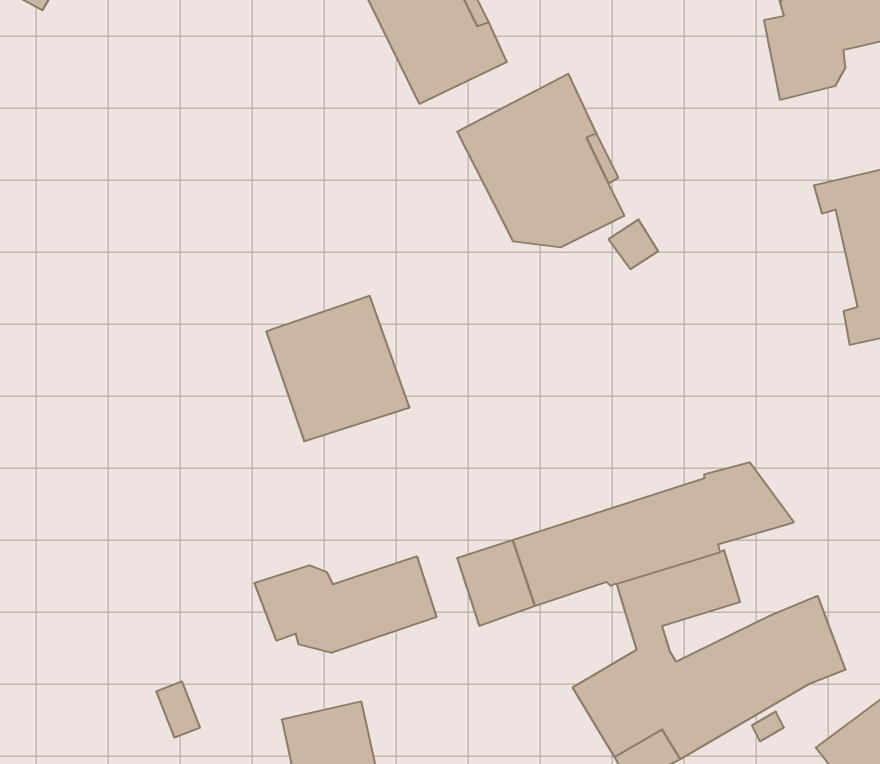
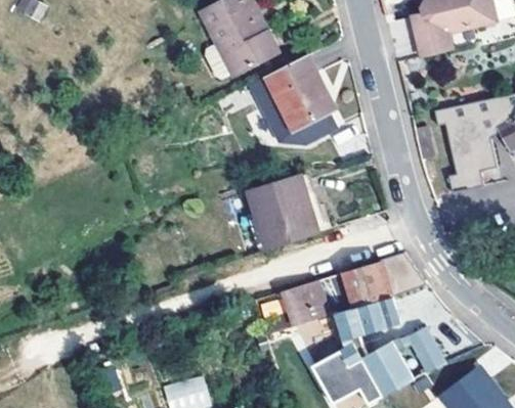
building: [266,296,410,441] -> [246,171,319,245]
building: [254,556,436,653] -> none

